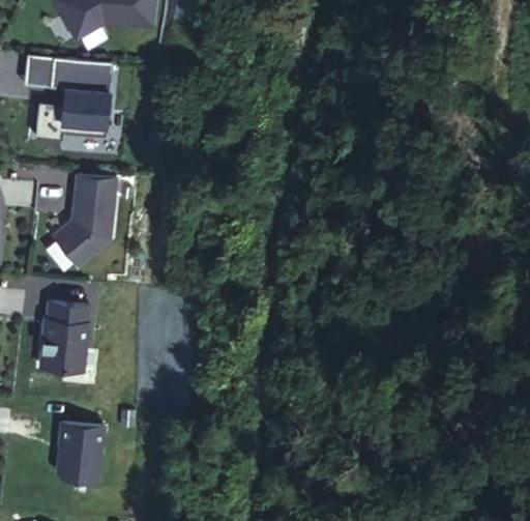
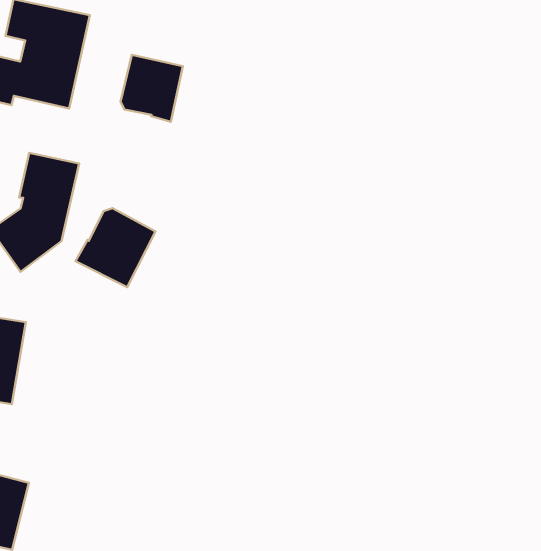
building: none -> [121,55,183,122]
building: none -> [76,208,156,287]

